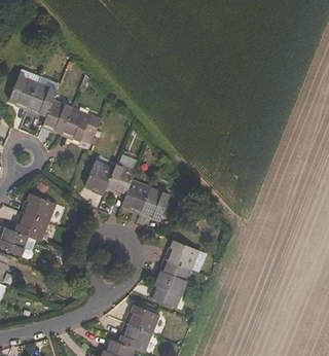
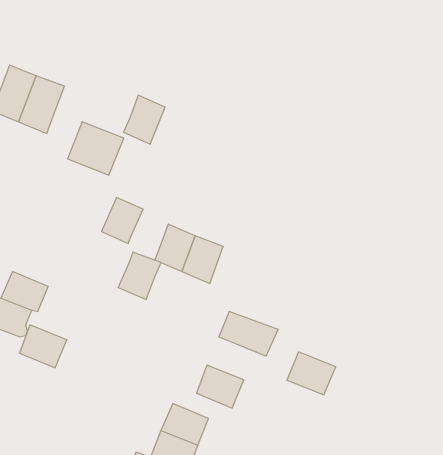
building: [42,100,71,134] -> [123,95,165,144]
building: [105,163,135,195] -> [118,252,161,300]
building: [23,192,56,222] -> [19,325,67,368]
building: [157,257,191,287] -> [287,352,336,395]

